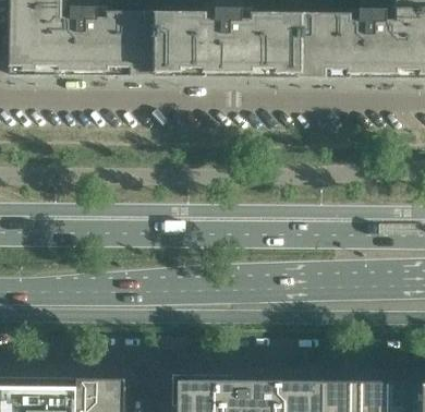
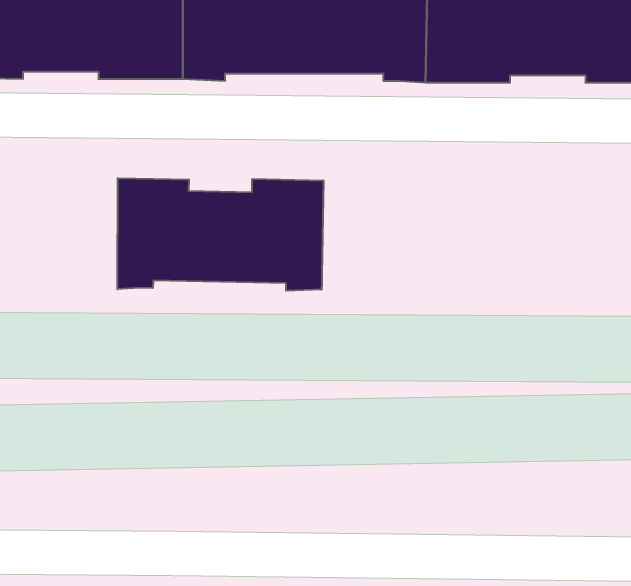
building: none -> [117,178,323,291]

